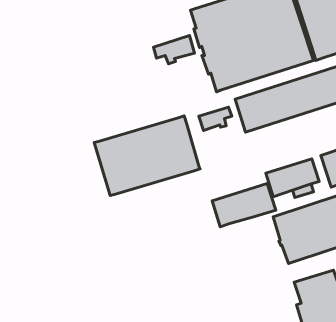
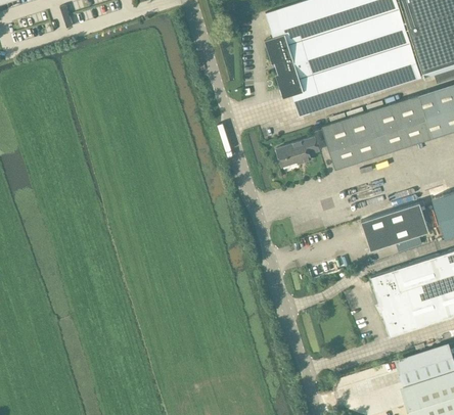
building: [153,35,195,64] -> none
building: [94,116,200,196] -> none
building: [212,183,276,227] -> none

